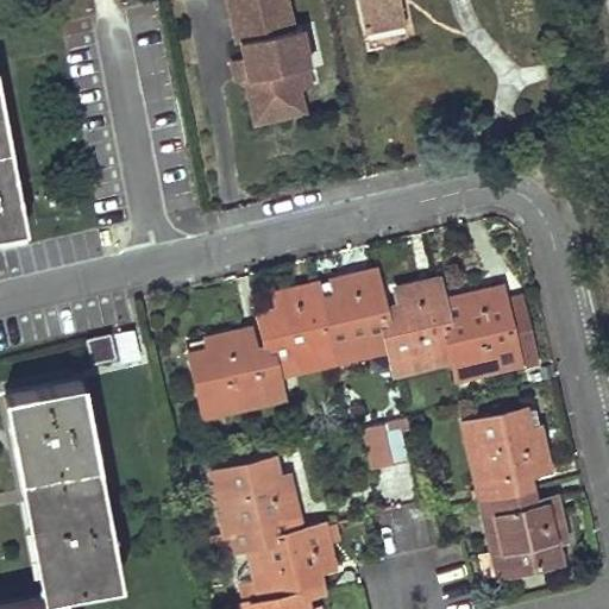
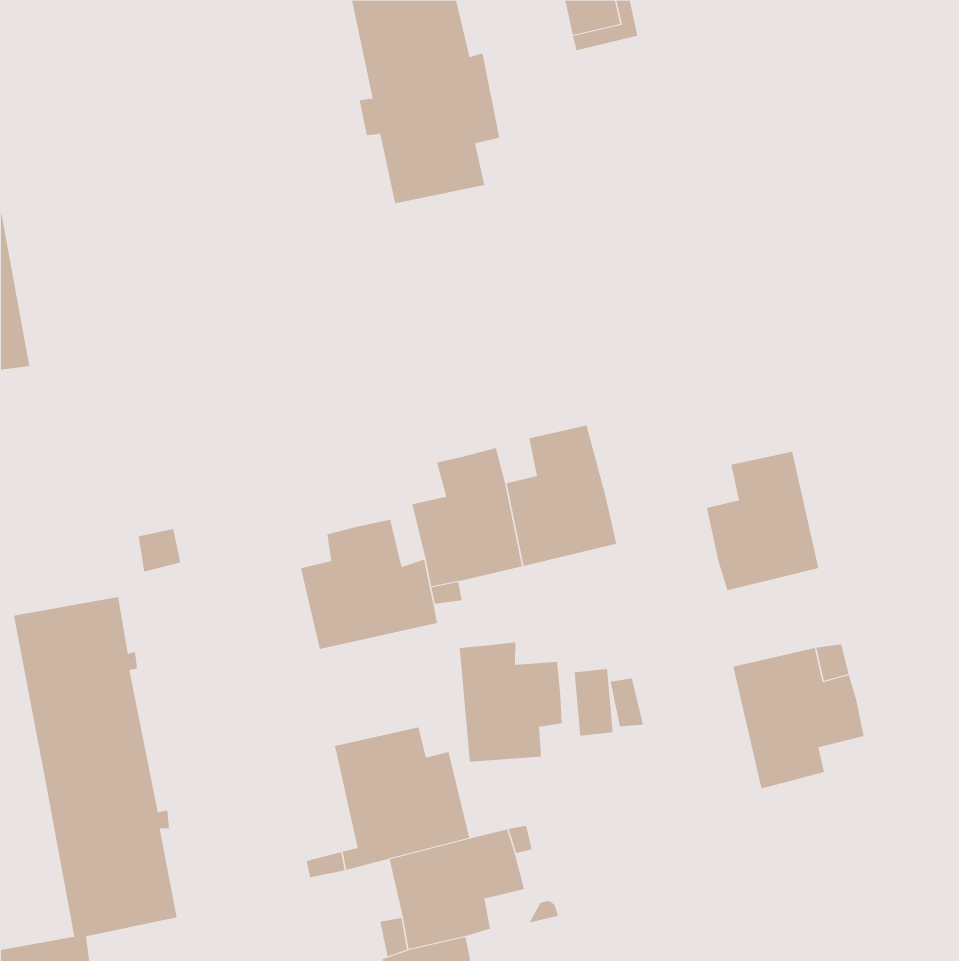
building: [385,280,456,370] -> none
building: none -> [459,642,562,763]
building: [483,489,566,572] -> none

